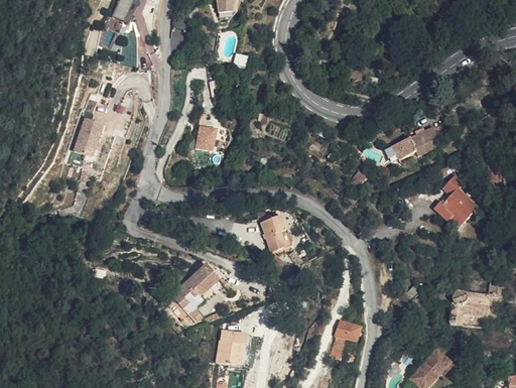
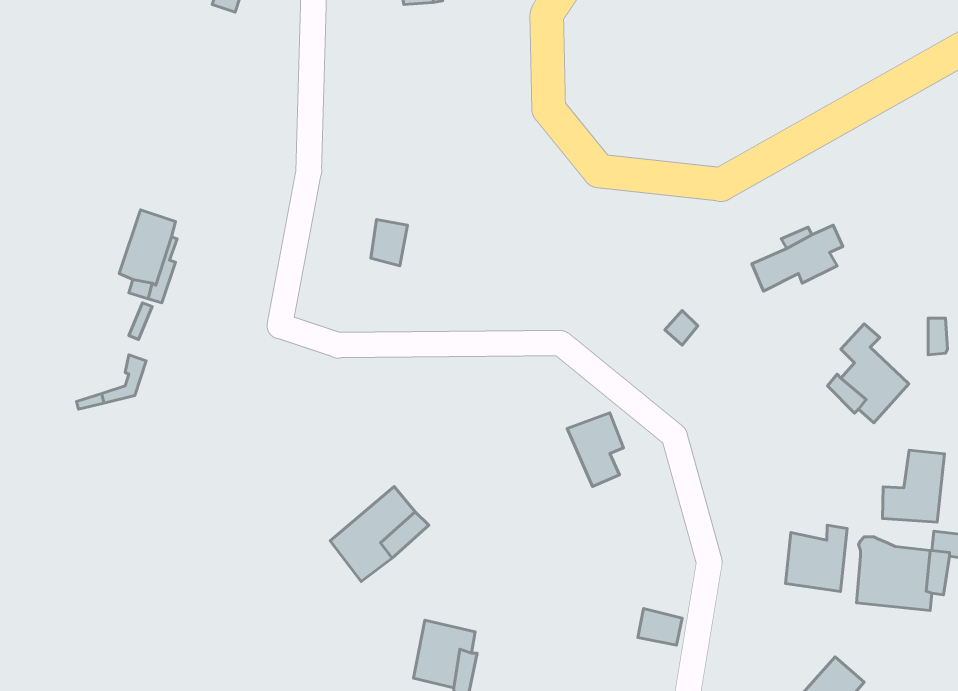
building: [253,214,282,252] -> [567,413,623,487]
building: none -> [882,450,944,522]
building: none -> [786,525,847,591]

